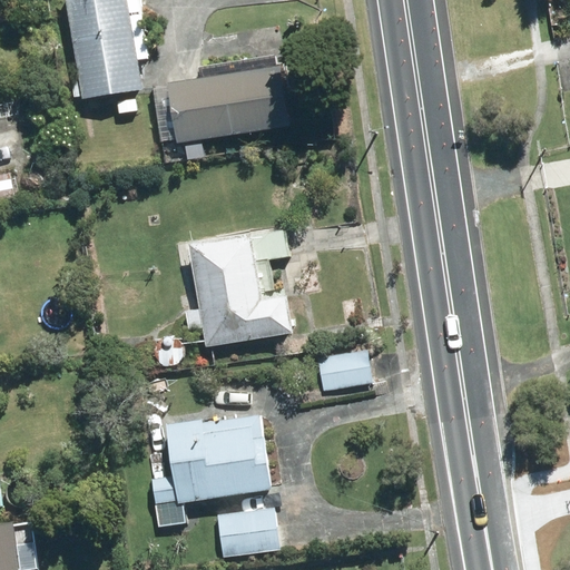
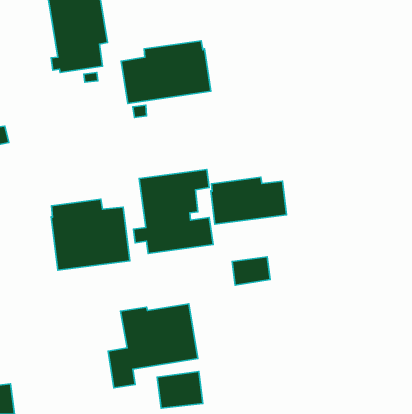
building: none -> [211,177,287,224]
building: none -> [51,199,130,270]

